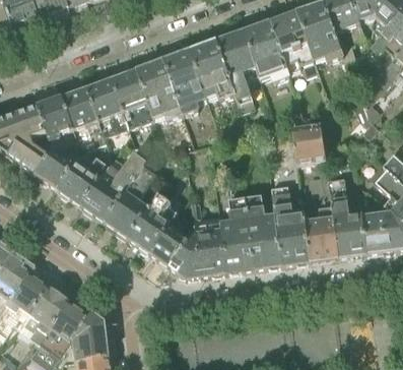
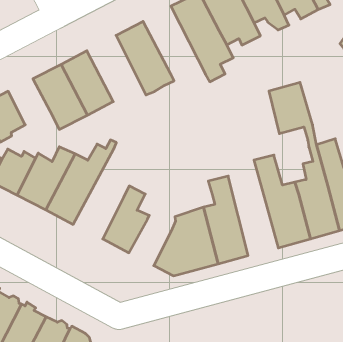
building: [189,40,232,100] -> none
building: [136,59,183,121] -> none
building: [62,87,98,127] -> none
building: [104,159,156,237] -> none
building: [246,193,281,268] -> none
building: [149,225,189,266] -> none

